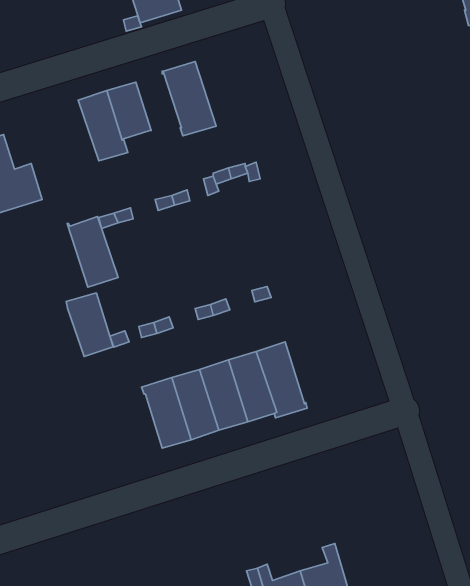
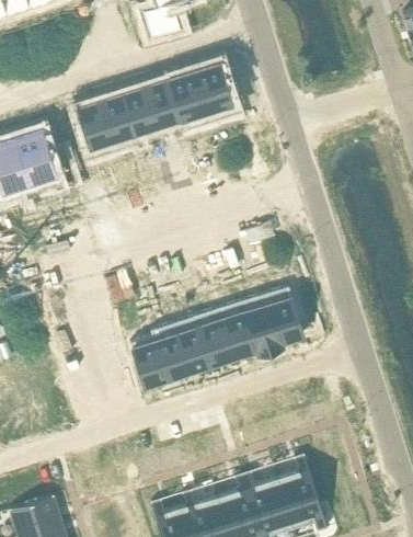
building: none -> [194,62,236,122]
building: none -> [147,79,183,130]
building: [67,217,118,287] -> [77,101,117,157]
building: [66,293,113,357] -> [130,334,168,385]
building: none -> [265,285,305,342]

